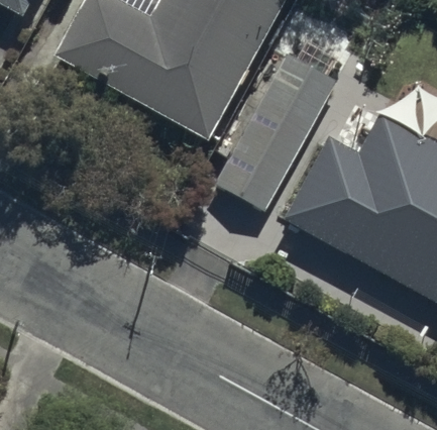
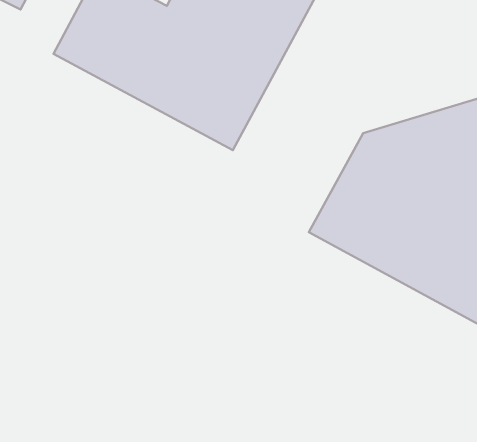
building: [214,44,343,211] -> none

